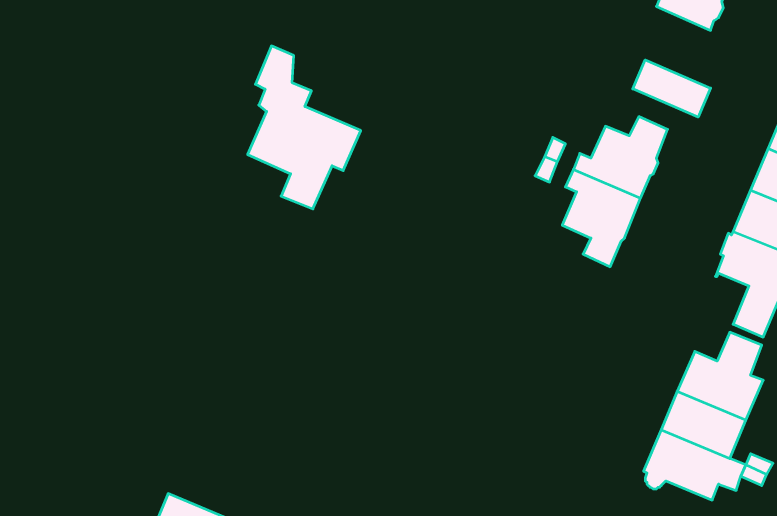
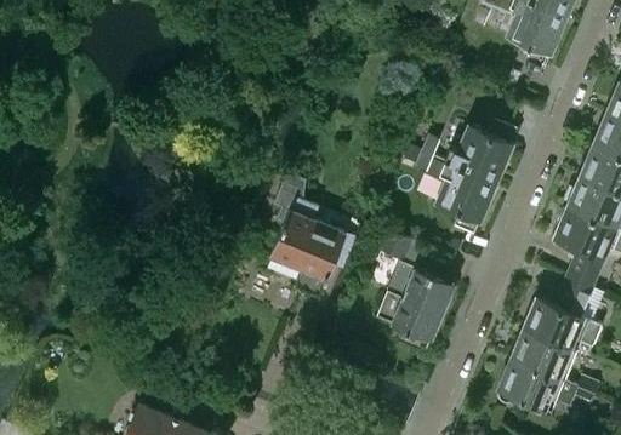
building: [248,46,361,209] -> [269,172,355,296]
building: [633,60,711,117] -> none
building: none -> [375,229,454,345]

